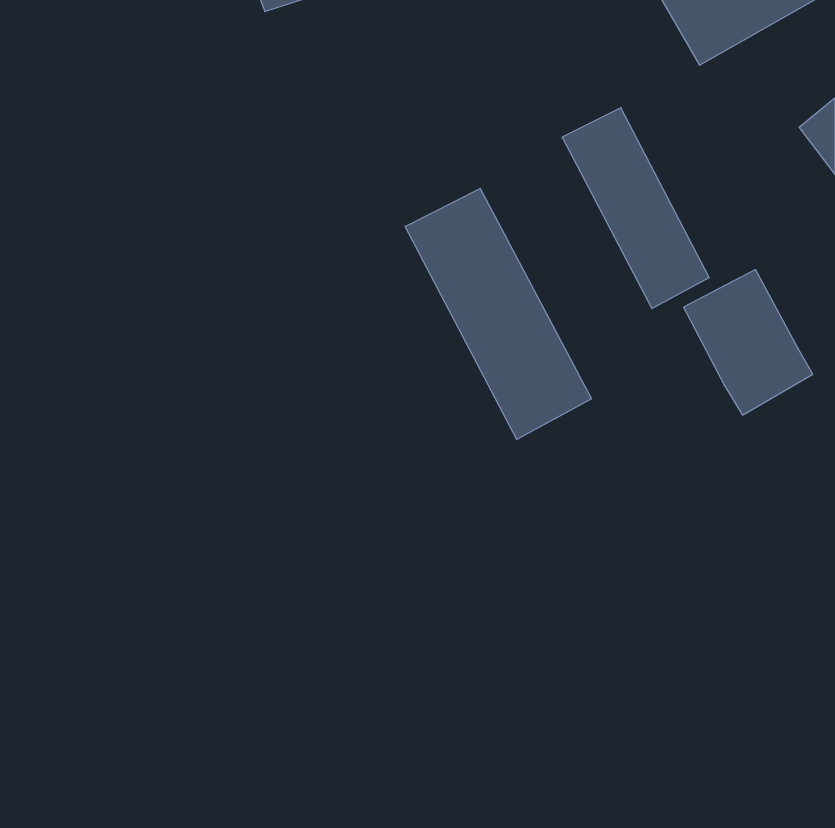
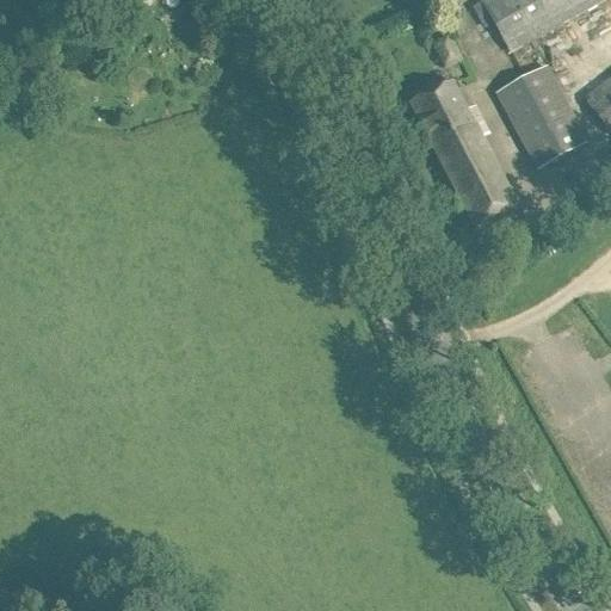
building: [405,188,591,440] -> none
building: [684,270,813,415] -> [495,62,590,168]

